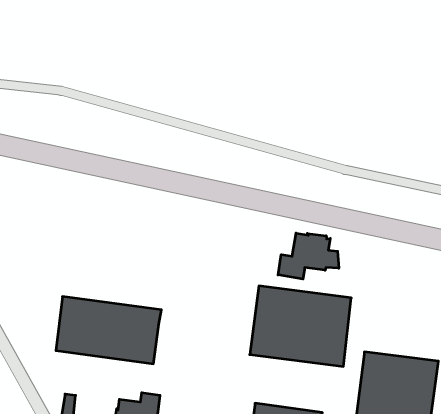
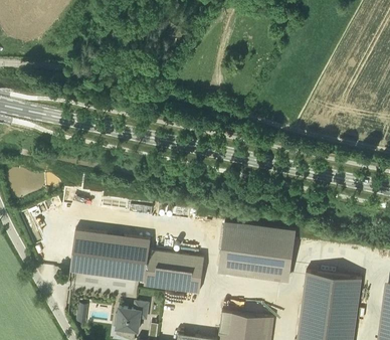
building: [278,233,339,279] -> none
building: none -> [144,250,204,294]

